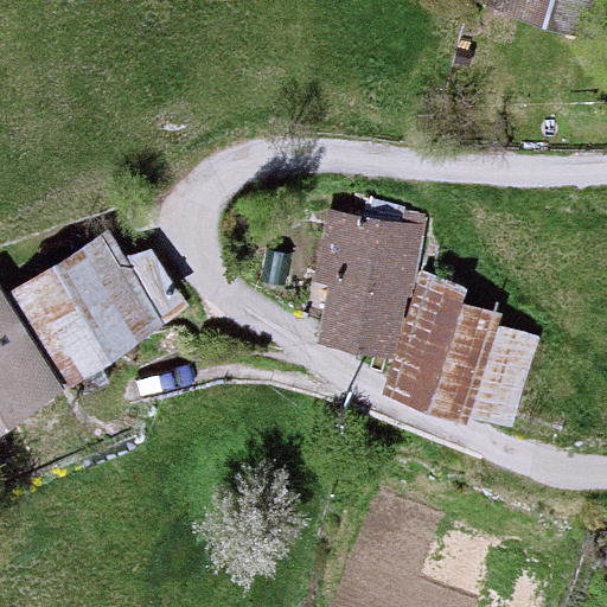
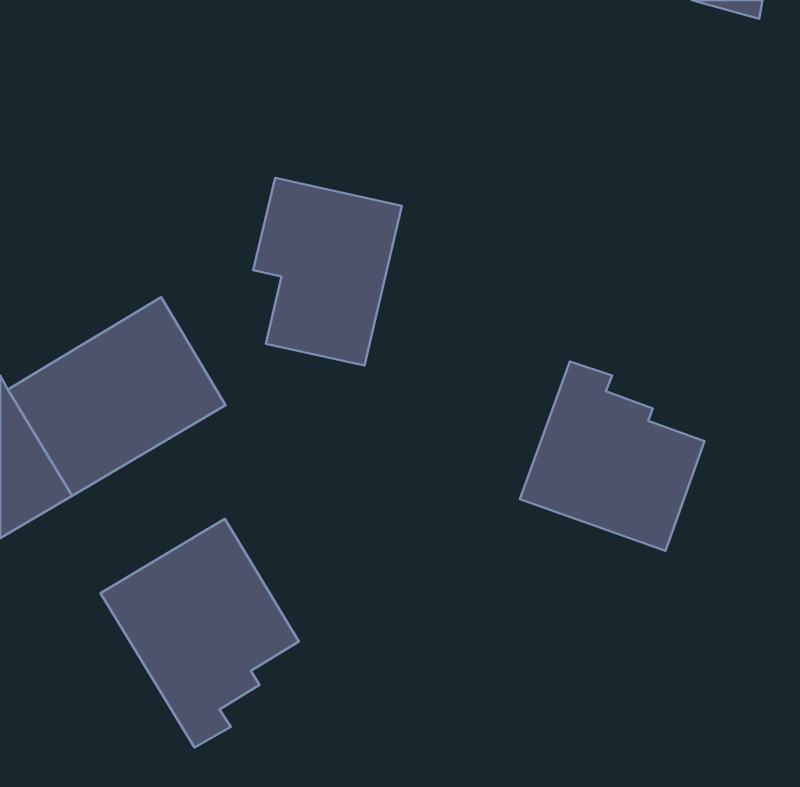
building: [311,212,423,354] -> [253,178,402,366]
building: none -> [101,519,299,747]

